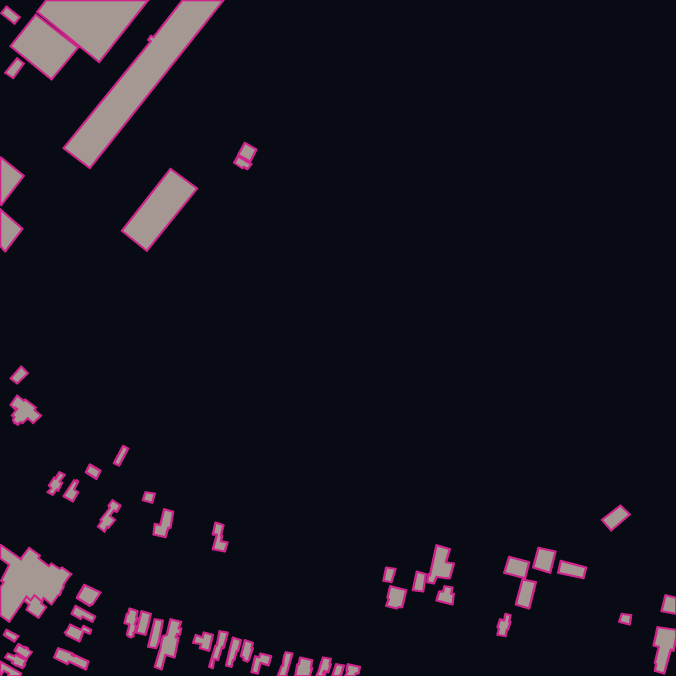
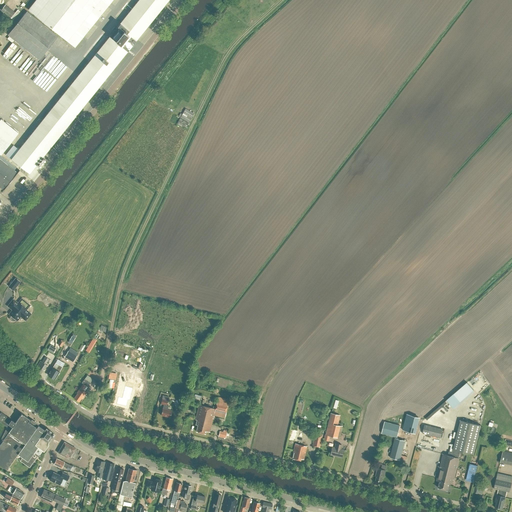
building: [122,169,197,251] -> [11,112,68,174]
building: none -> [195,396,228,433]
building: none -> [437,420,481,490]

